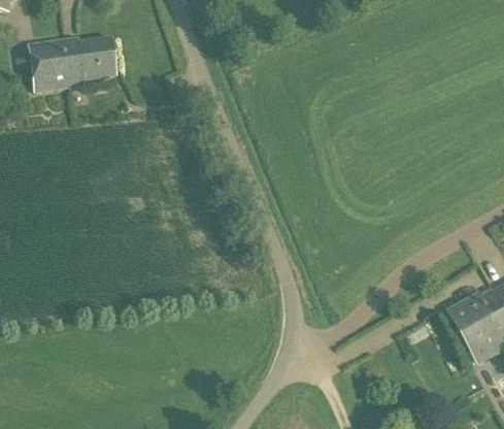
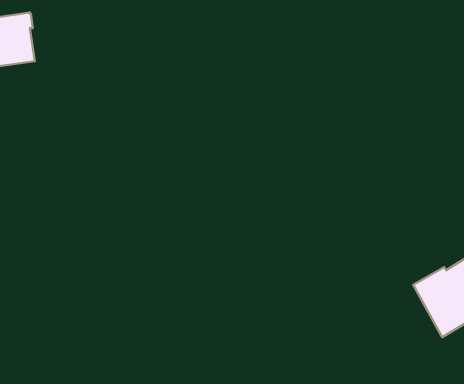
building: [65,36,115,87] -> none

